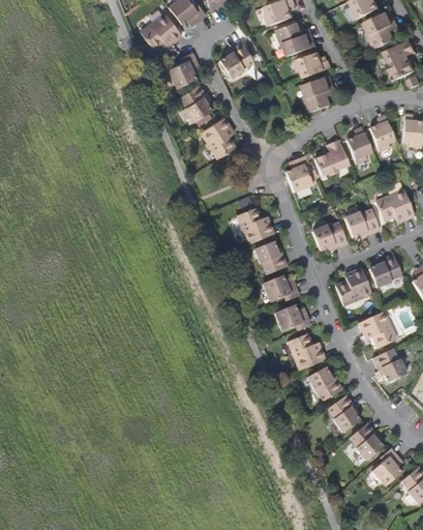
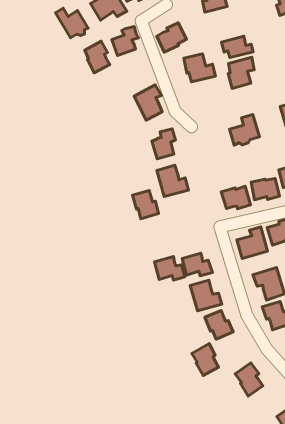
building: [278,23,316,56] -> [184,54,216,82]
building: none -> [56,8,88,38]
building: [181,84,211,121] -> [85,41,110,73]
building: [346,126,371,164] -> none
building: [284,155,311,192] -> [152,129,176,159]
building: [254,240,286,273] -> [132,191,159,219]
building: [263,273,299,301] -> [155,257,185,280]
building: [328,394,360,432] -> [192,344,219,376]
building: [372,447,402,485] -> none

